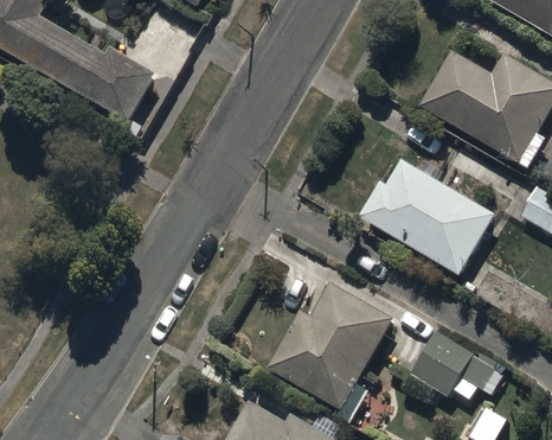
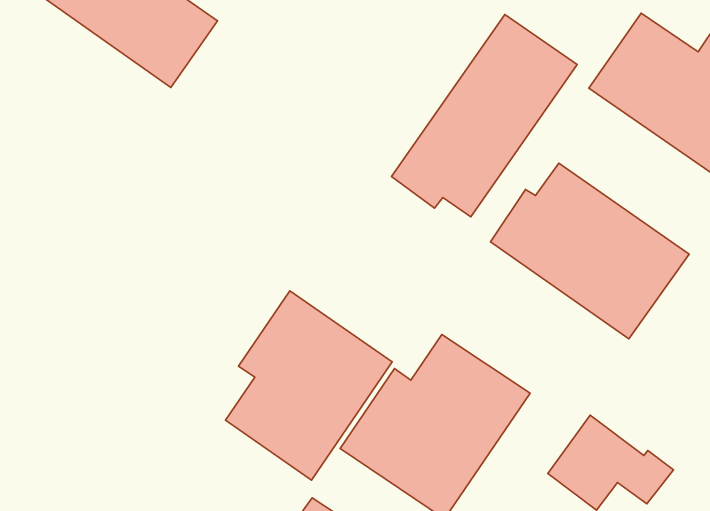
building: none -> [392,15,577,217]
building: none -> [226,291,392,480]

